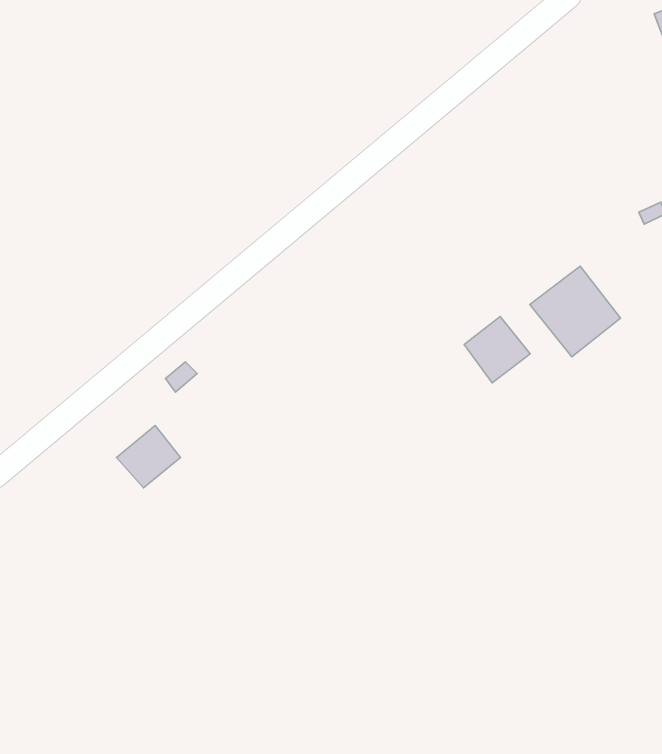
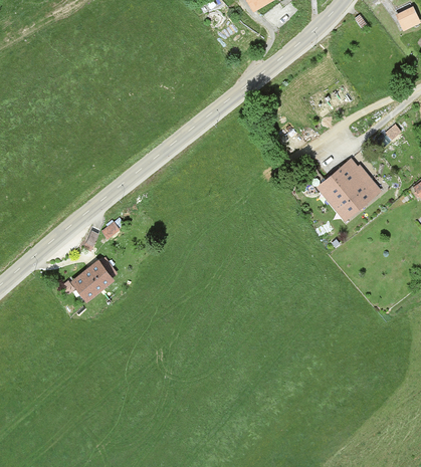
building: [464,316,530,383] -> none

